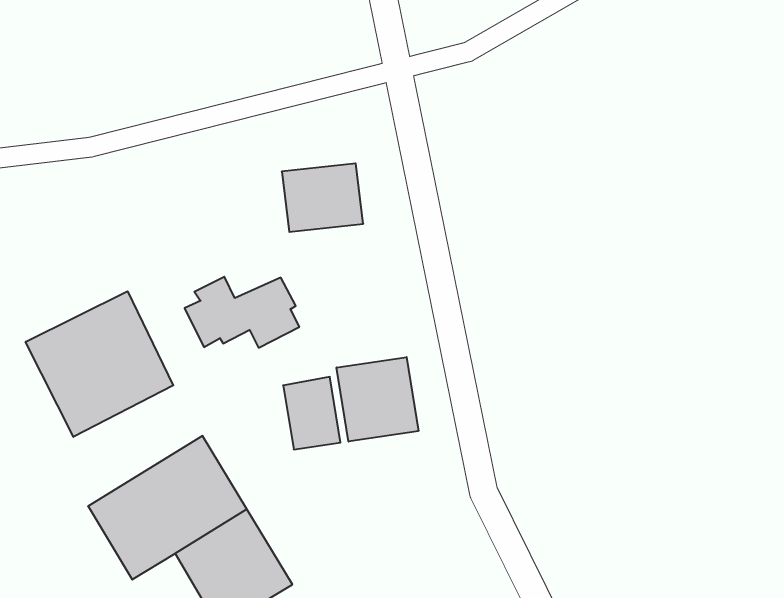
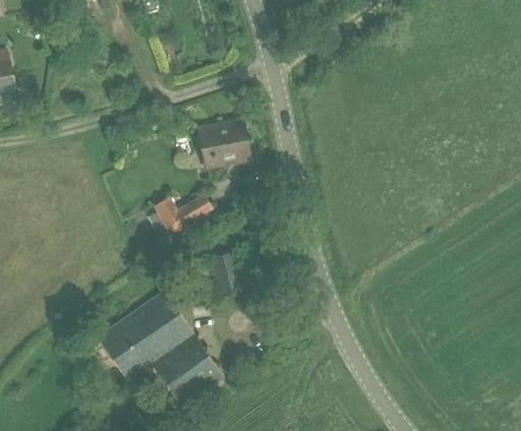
building: [26,291,173,437] -> none
building: [337,357,418,442] -> none

